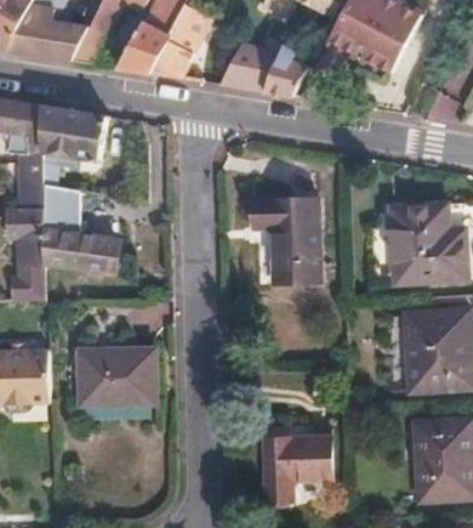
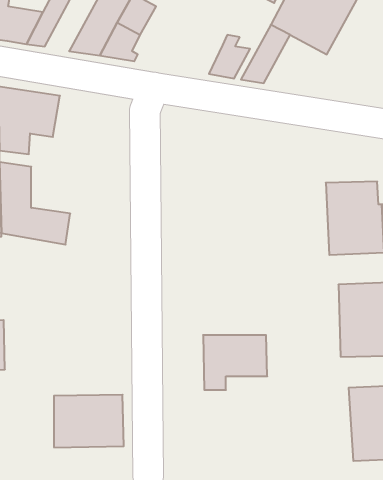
building: [222,42,279,91] -> none
building: [250,201,319,284] -> none
building: [80,352,154,408] -> [54,395,124,447]
building: [264,438,332,496] -> [203,335,267,390]

